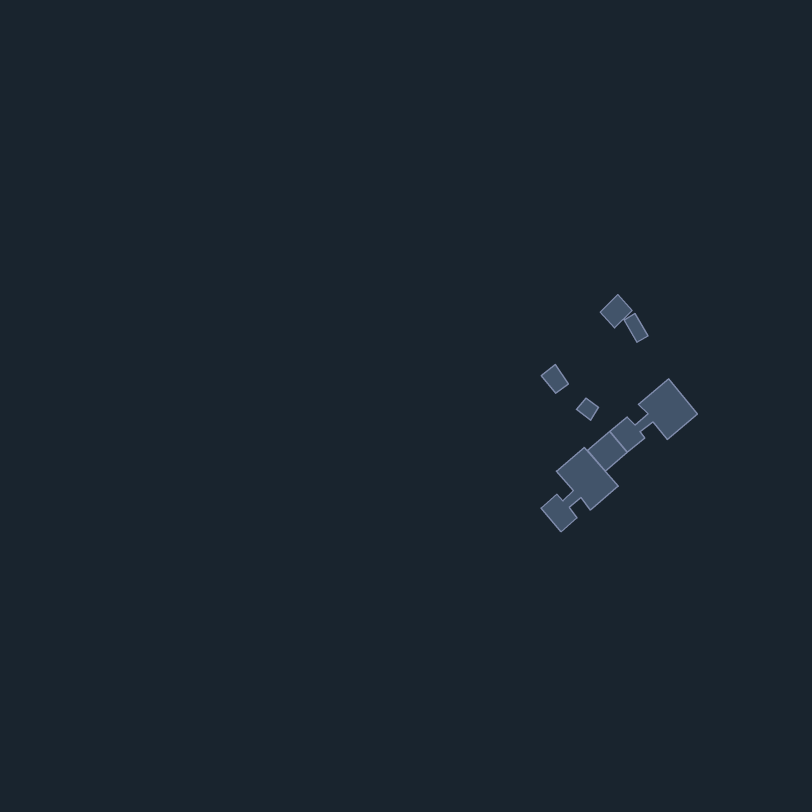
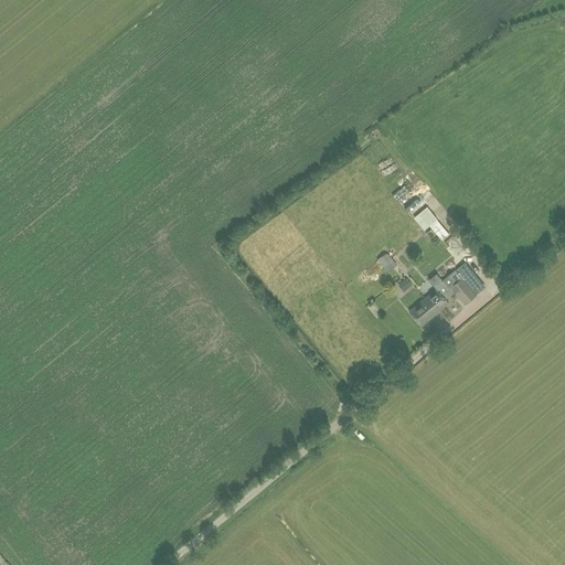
building: [541,447,618,532] -> none

